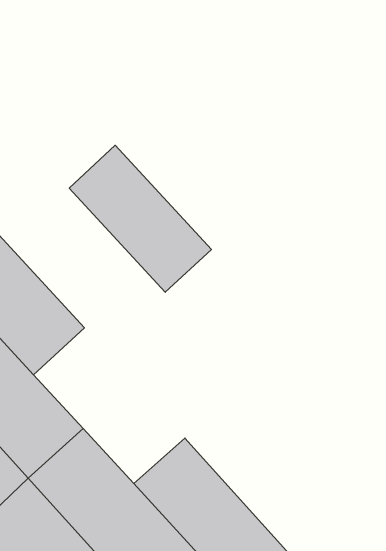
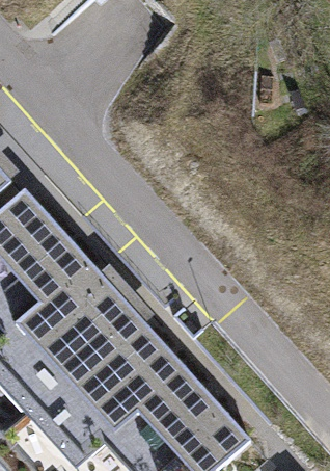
building: [69,145,211,292] -> none
building: none -> [59,270,173,388]

